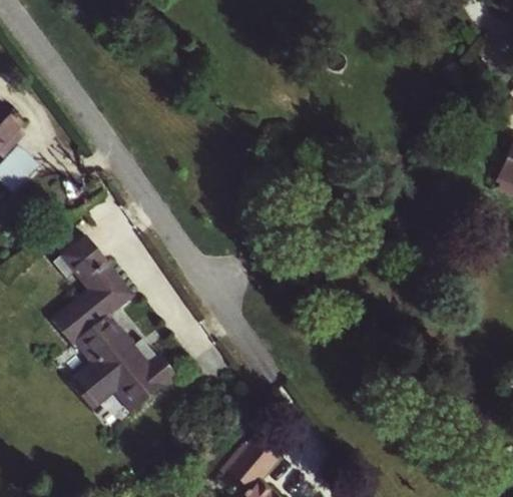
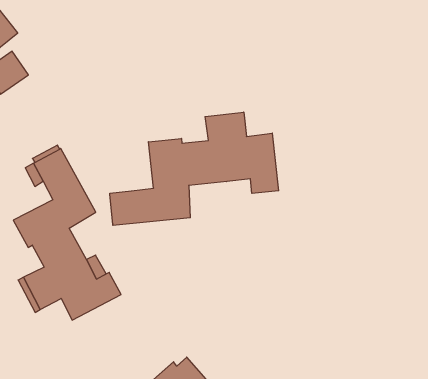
building: none -> [110,112,279,225]

